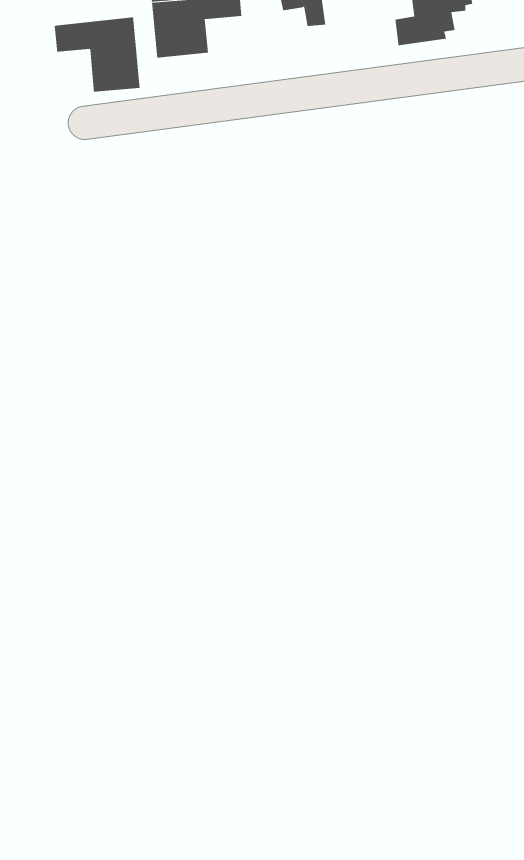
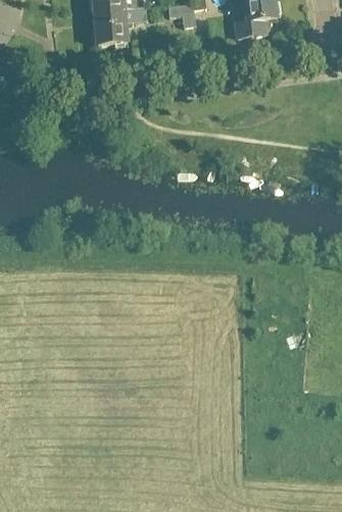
building: [54,16,140,92] -> none

